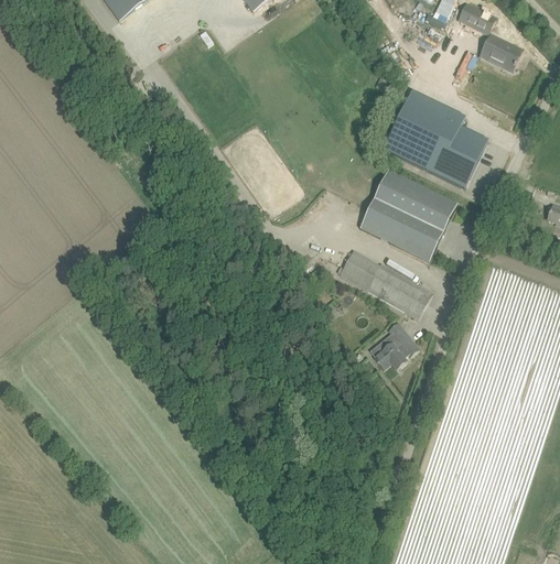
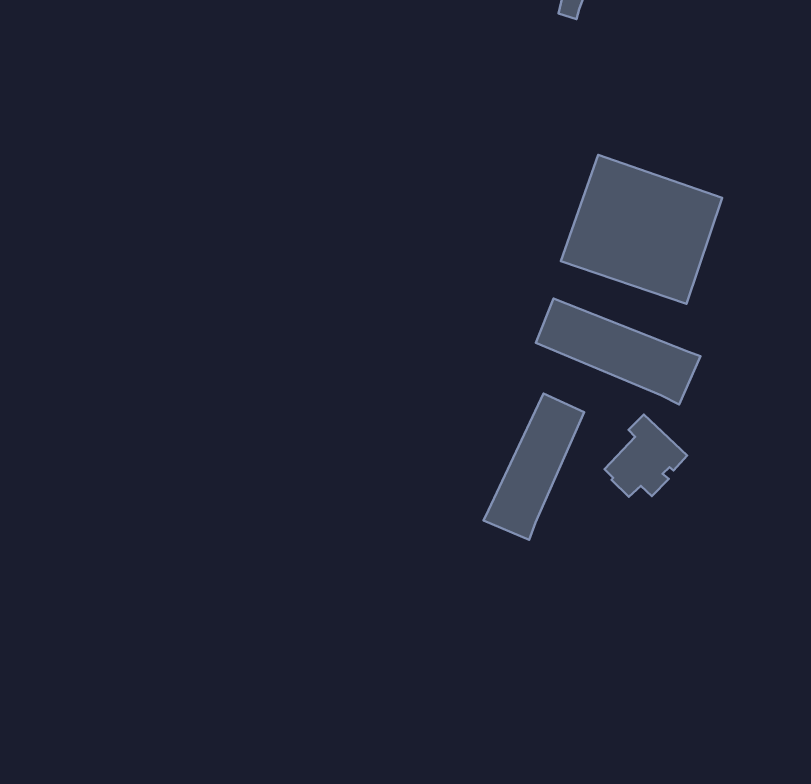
building: [384,91,485,187] -> none
building: none -> [483,393,584,540]

